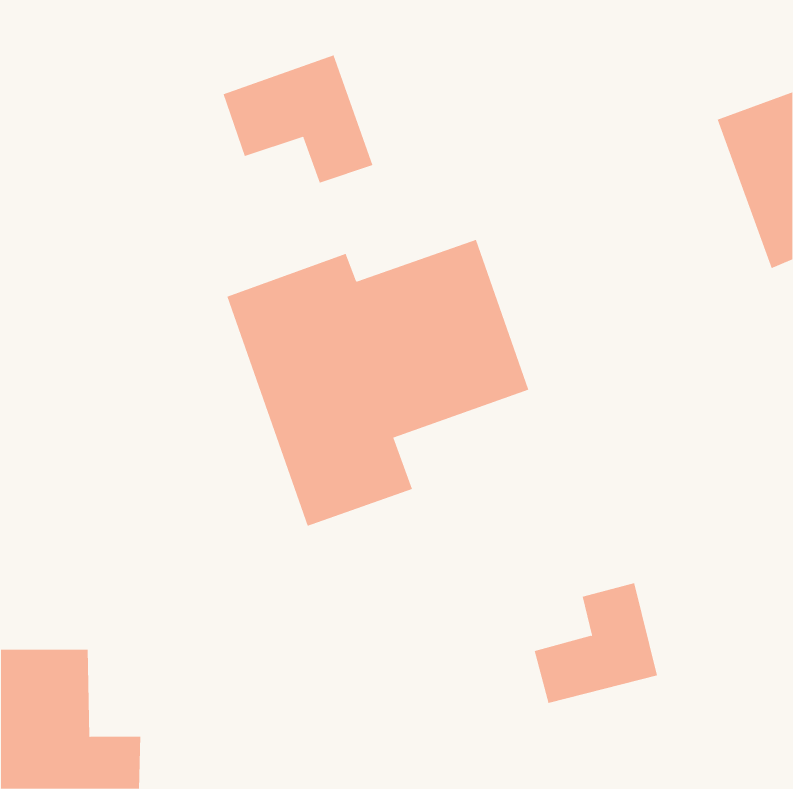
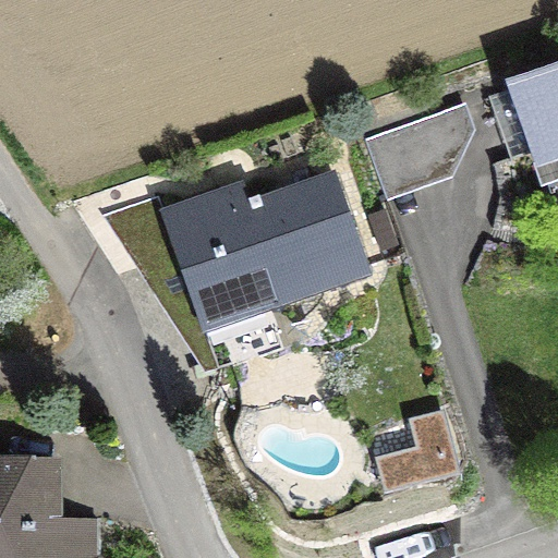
building: [223,55,373,183] -> none
building: none -> [365,102,477,199]

